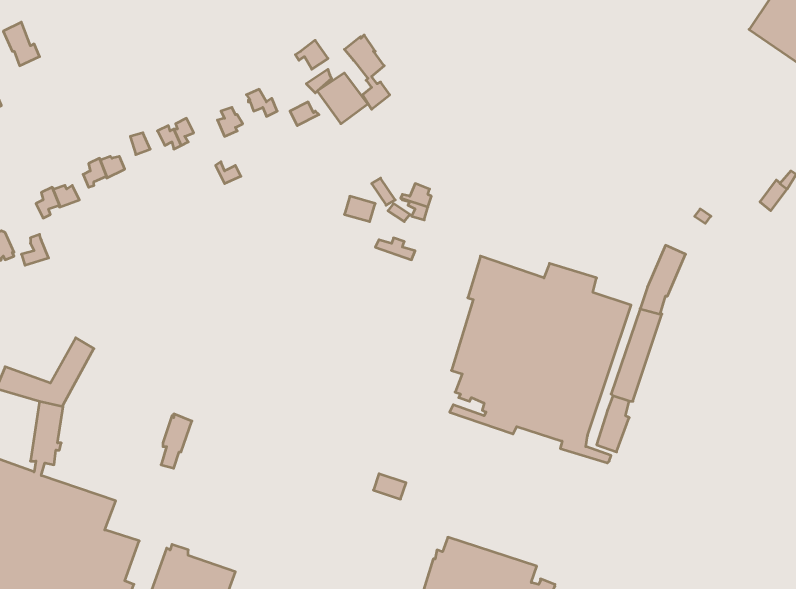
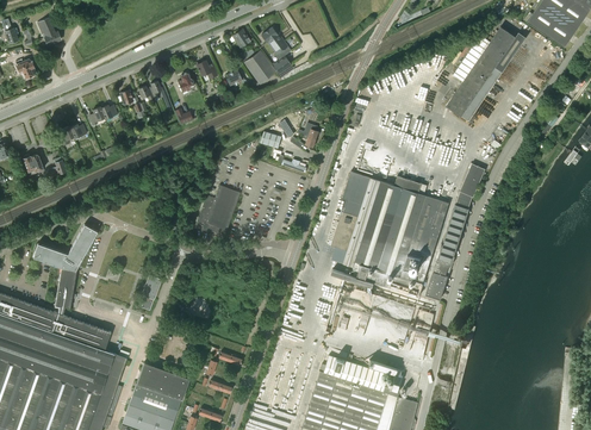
building: none -> [446,26,520,120]
building: none -> [194,185,241,238]

